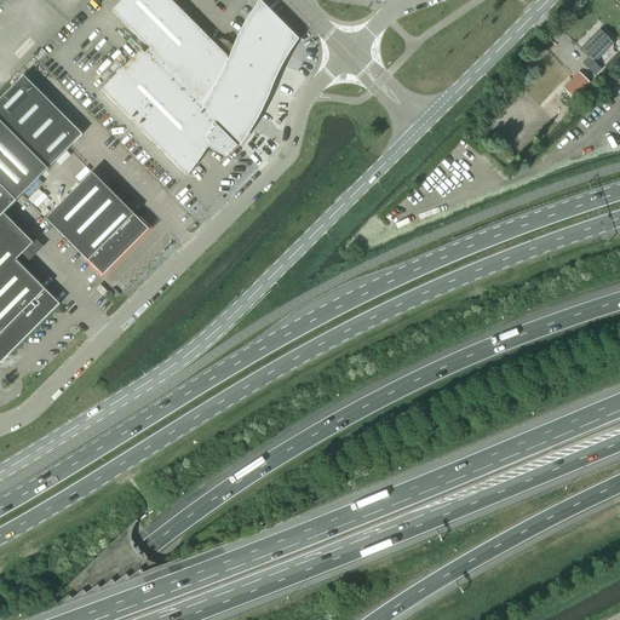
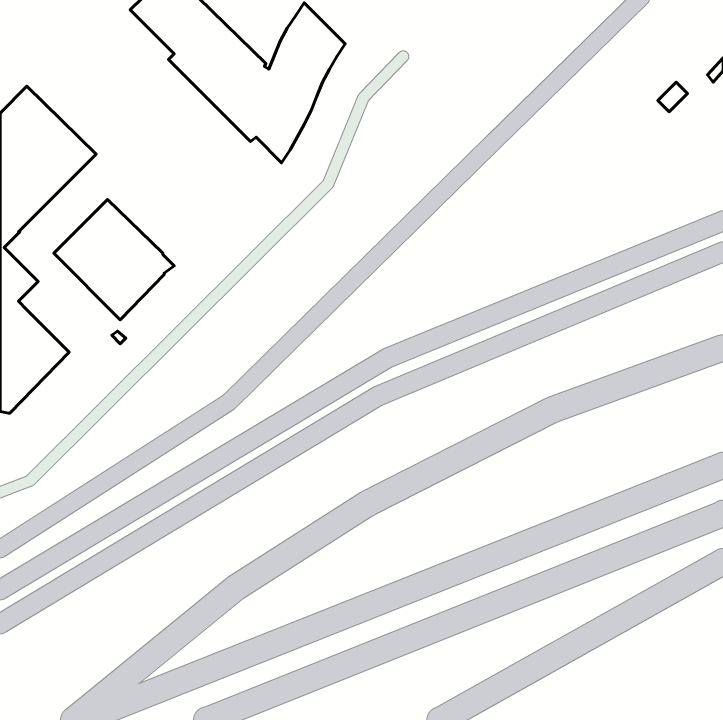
building: [580,28,613,74] -> none
building: [102,47,237,174] -> none

